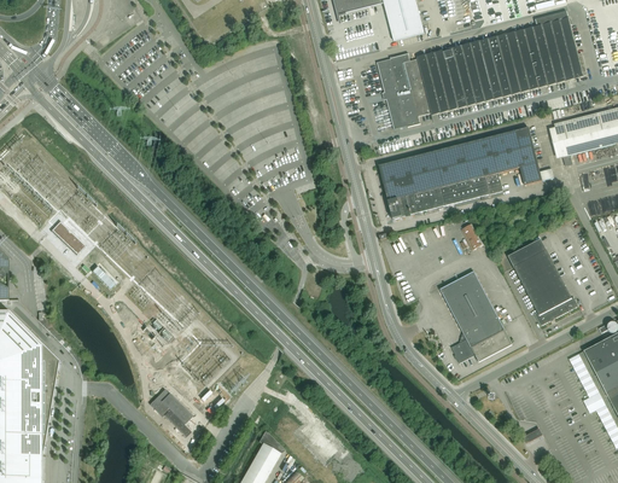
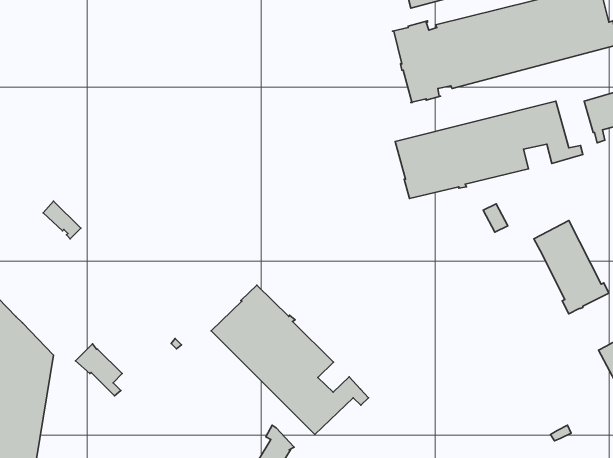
building: [441,270,508,362] -> none
building: none -> [211,285,368,435]
building: [150,388,193,436] -> [76,344,122,396]

